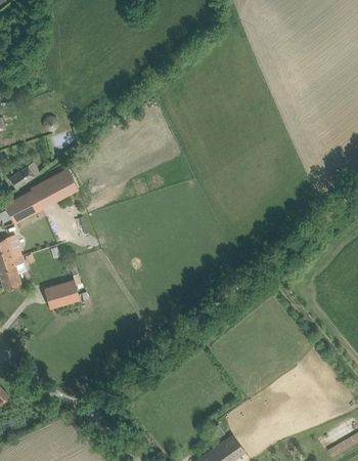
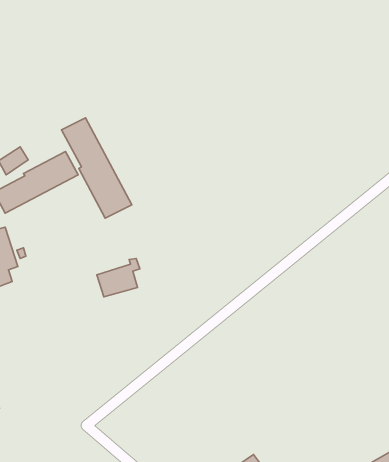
building: none -> [62,118,132,218]
building: [44,275,82,308] -> [97,258,140,297]

